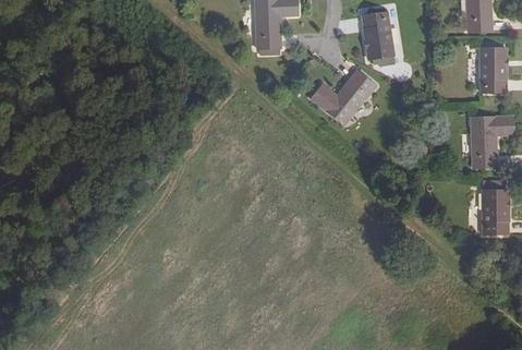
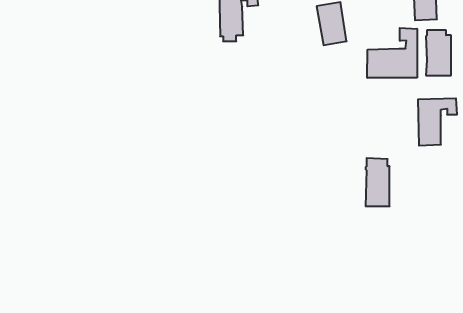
building: none -> [367,28,417,78]
building: [312,71,375,124] -> none
building: [482,181,508,233] -> [366,158,390,206]

